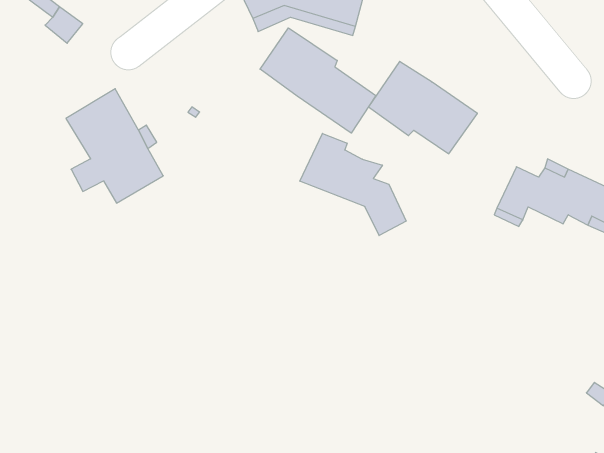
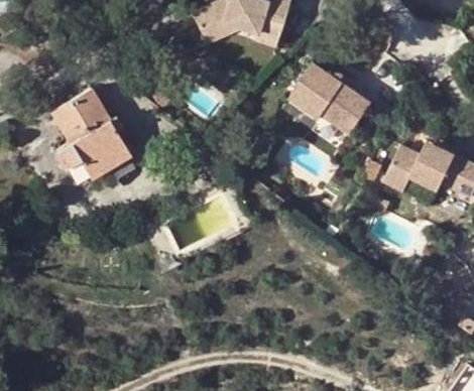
building: [260,28,376,133] -> none
building: [300,133,406,236] -> none

